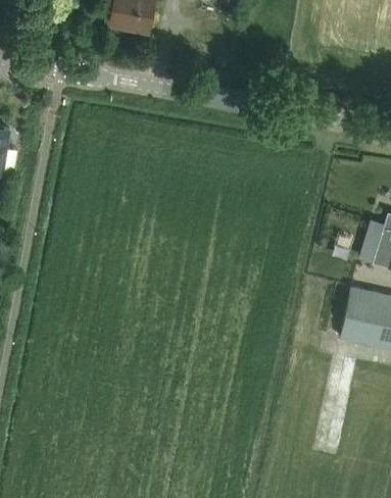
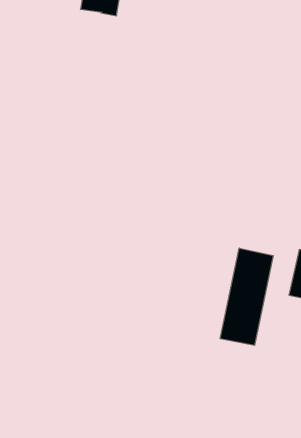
building: none -> [220,248,273,345]

